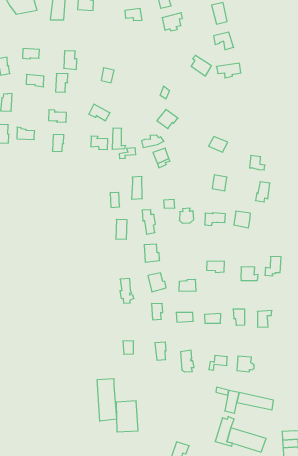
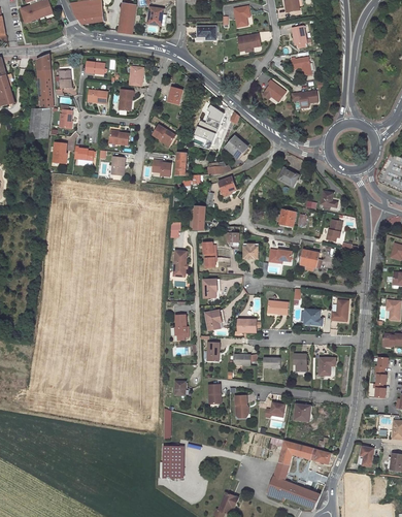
building: none -> [193,103,224,141]
building: [97,379,117,421] -> none

